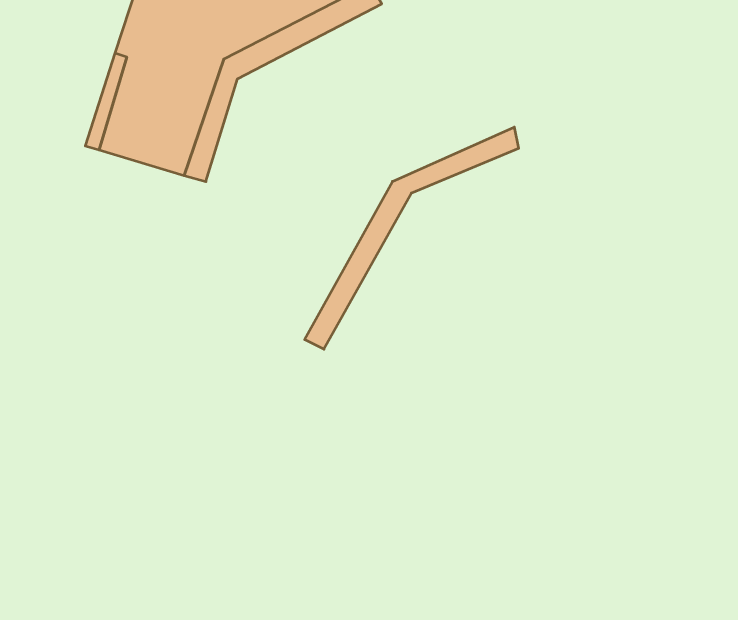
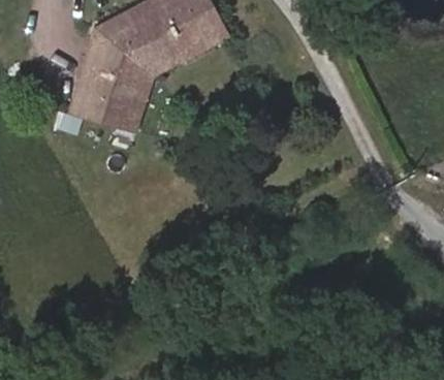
building: [305,127,519,349] -> none

